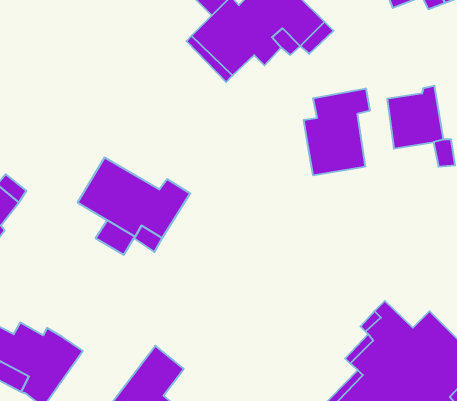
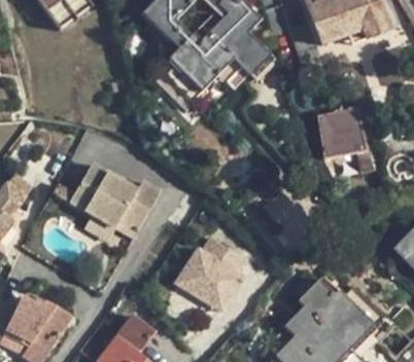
building: [304,88,370,175] -> none
building: none -> [175,230,251,310]

